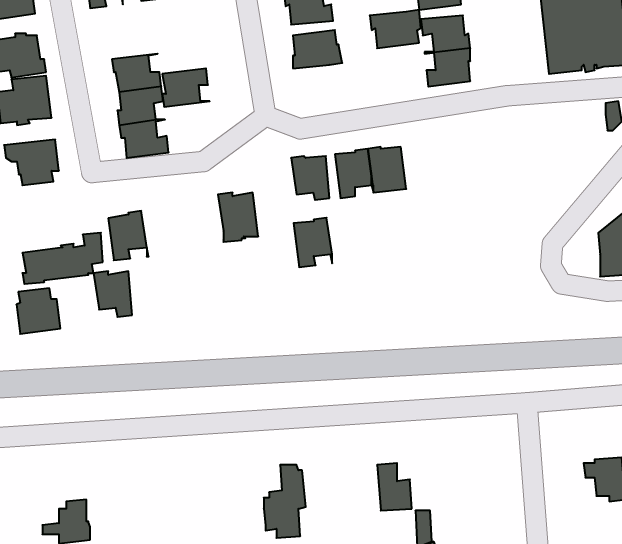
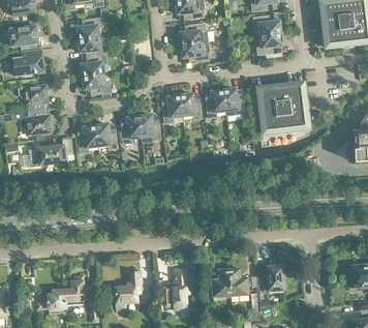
building: [370,10,421,48] -> [180,40,209,62]
building: [162,68,210,107] -> [76,17,103,38]
building: none -> [256,82,308,132]
building: none -> [119,115,141,143]
building: [294,218,332,267] -> [160,94,182,122]
building: [94,271,132,317] -> [94,123,116,149]
building: [16,288,60,334] -> [26,108,51,133]
building: none -> [262,264,283,292]
building: none -> [211,268,229,299]
building: none -> [114,271,141,308]
building: none -> [63,274,89,303]

